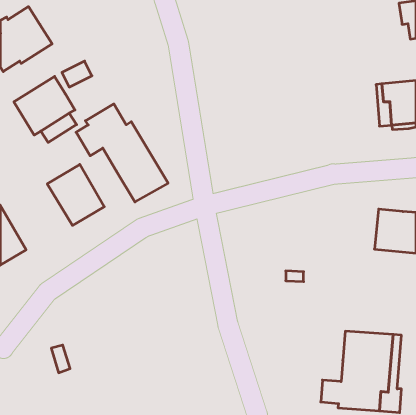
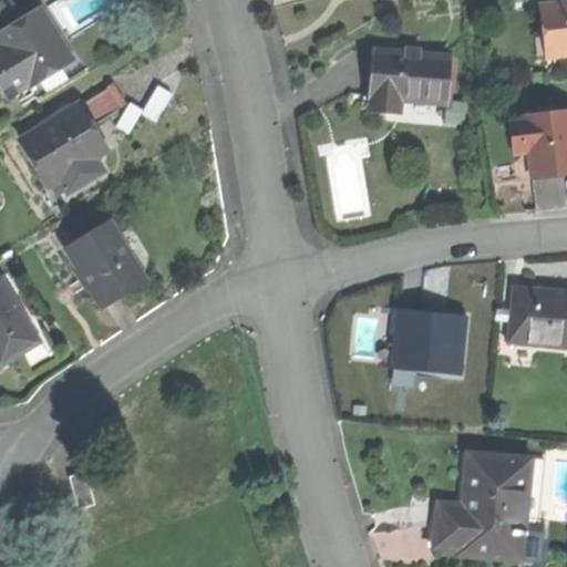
building: none -> [371,51,449,109]
building: [76,104,168,202] -> none
building: none -> [395,309,470,371]

